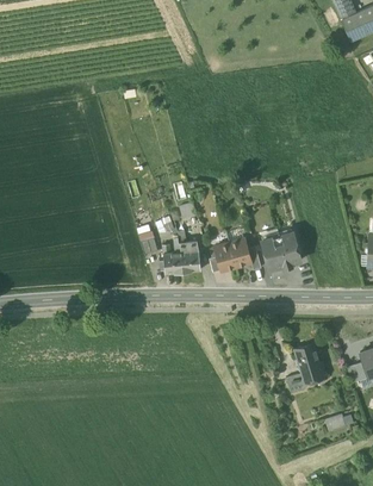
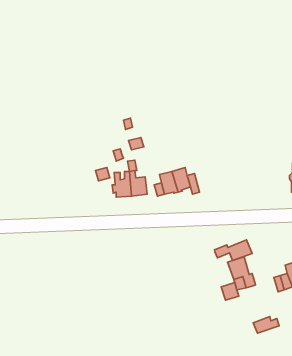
building: [262,232,301,270] -> none
building: none -> [215,240,252,260]

